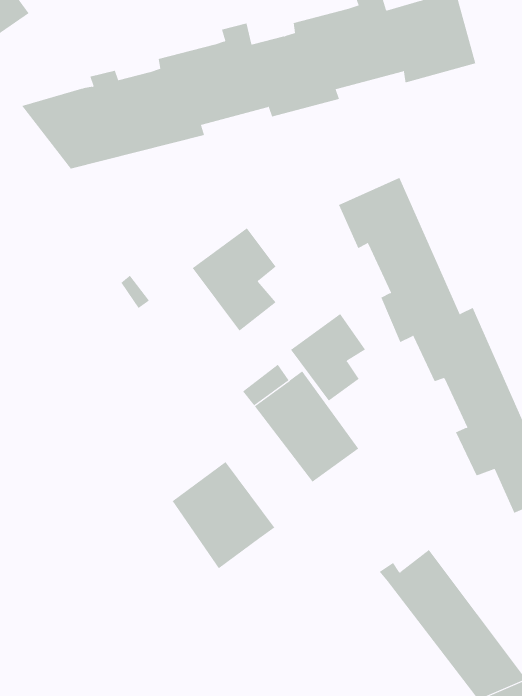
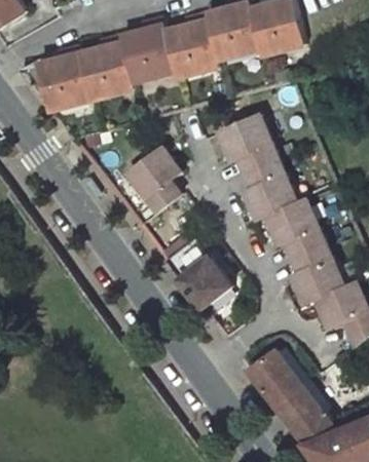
building: [290,313,366,402] -> none
building: [172,461,275,569] -> none

